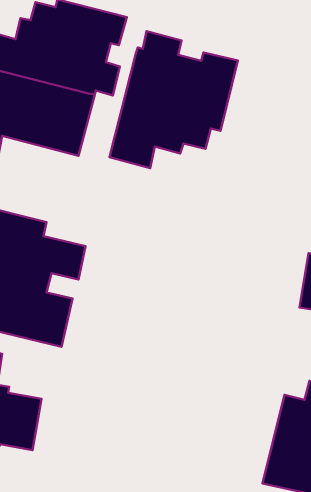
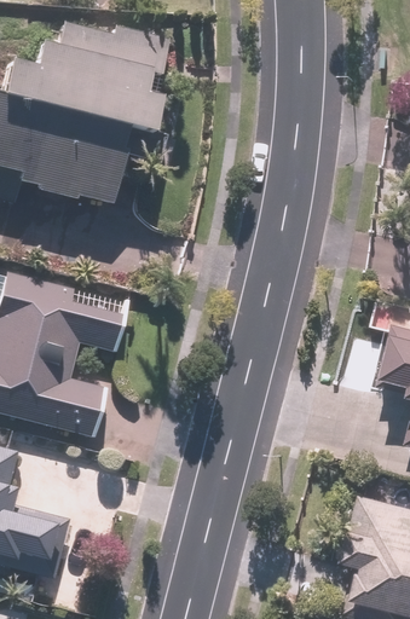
building: [109,31,238,168] -> none

